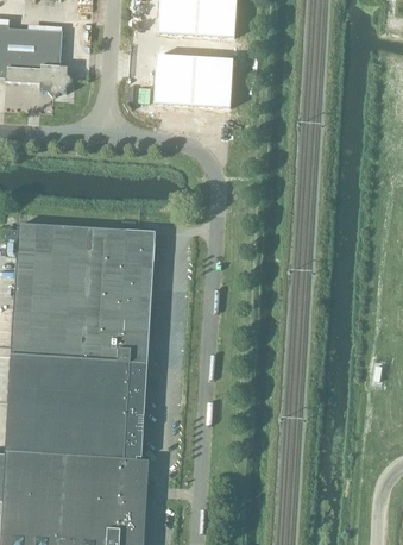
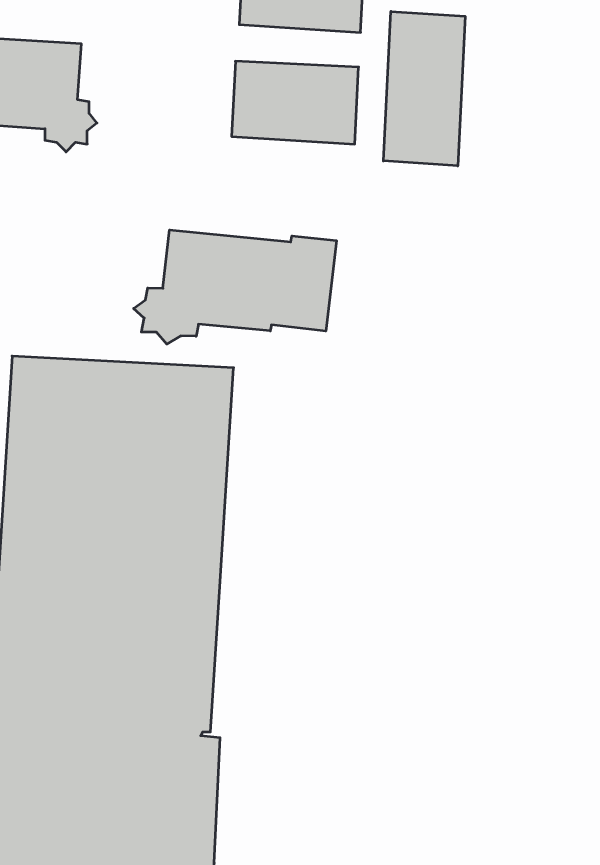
building: none -> [383,11,465,166]
building: none -> [134,230,336,344]

